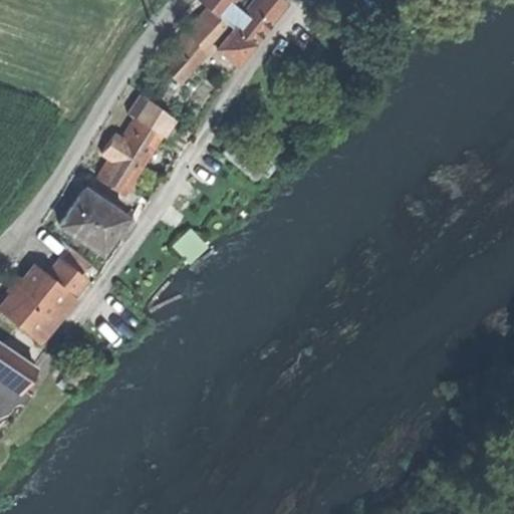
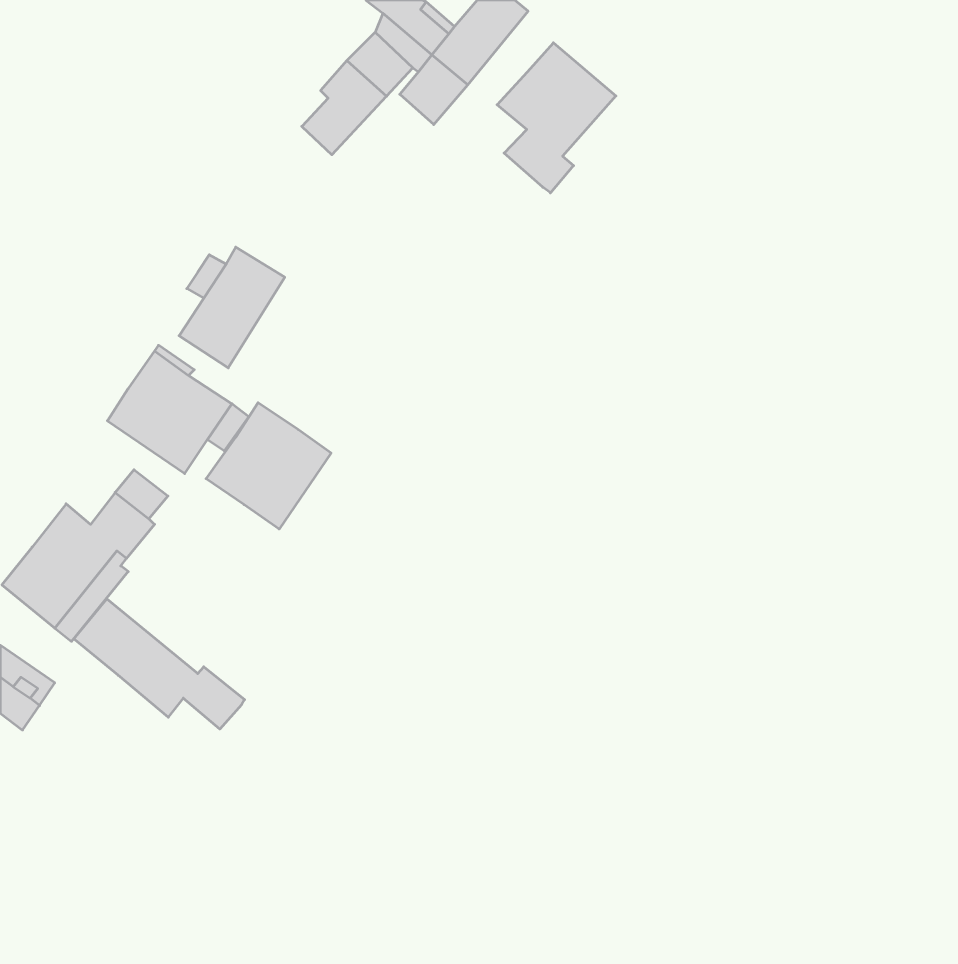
building: none -> [497,43,616,193]
building: [128,96,174,148] -> none
building: none -> [206,403,331,529]
building: none -> [74,599,245,729]

